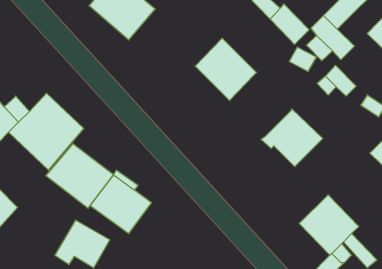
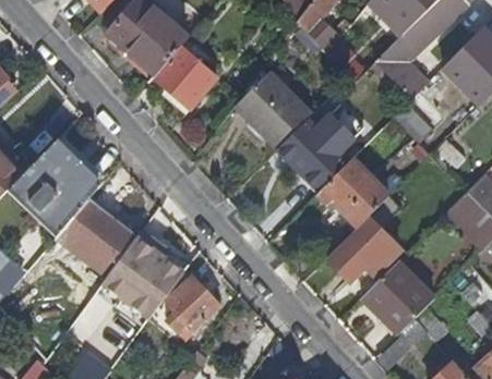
building: none -> [153,47,216,110]
building: none -> [276,105,362,192]
building: none -> [326,227,399,282]
building: none -> [164,276,219,331]

